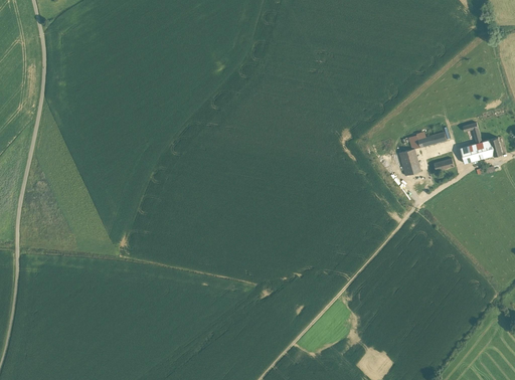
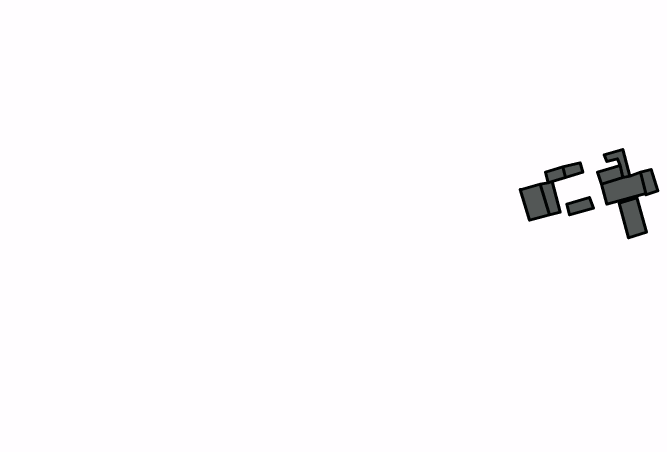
building: none -> [619,197,646,238]

